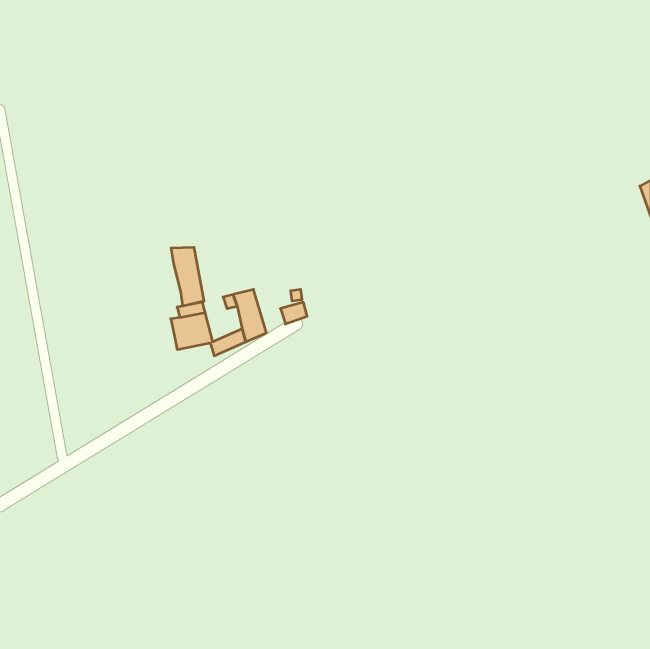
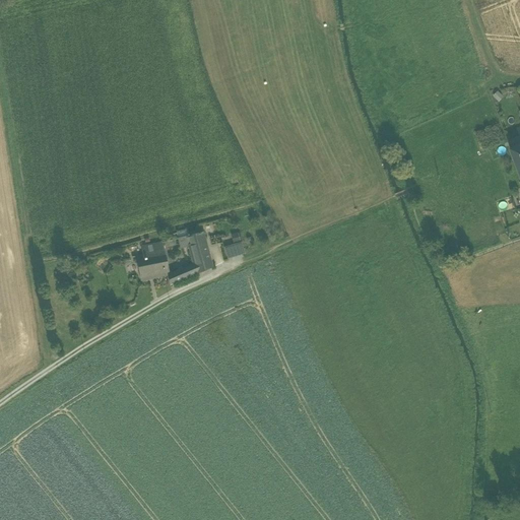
building: [171,247,204,306] -> none

